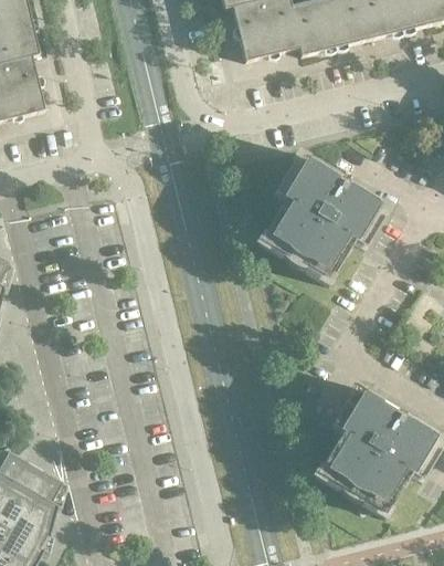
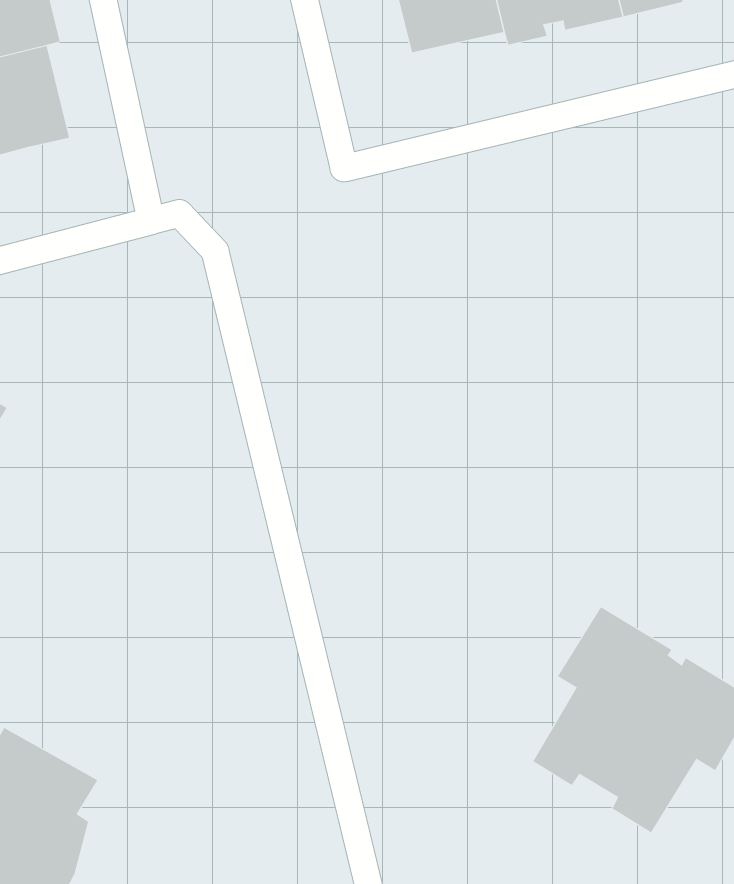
building: [258,150,391,283] -> none

